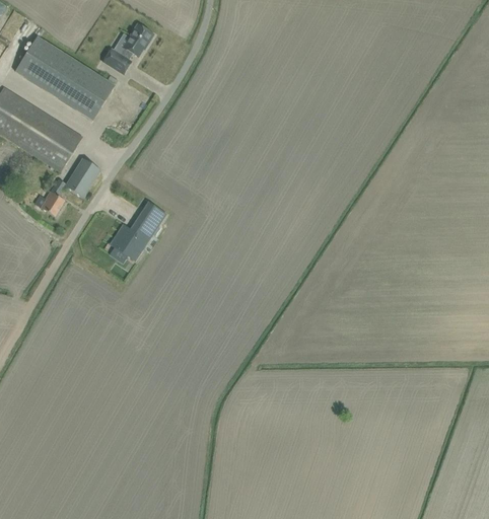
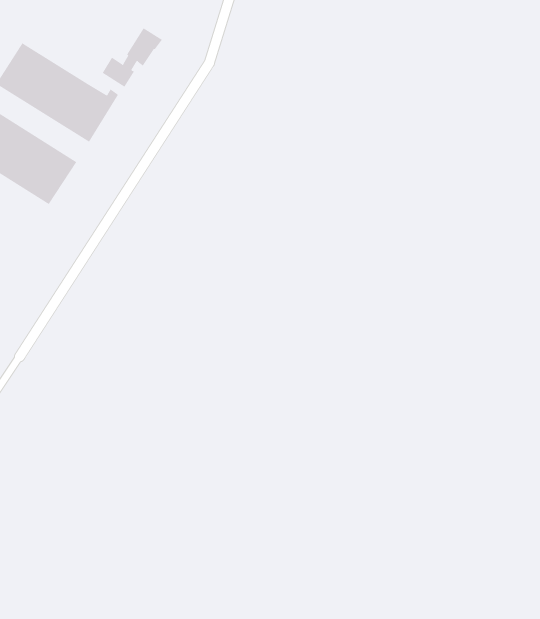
building: [41,158,99,216] -> none
building: [109,202,165,261] -> none

